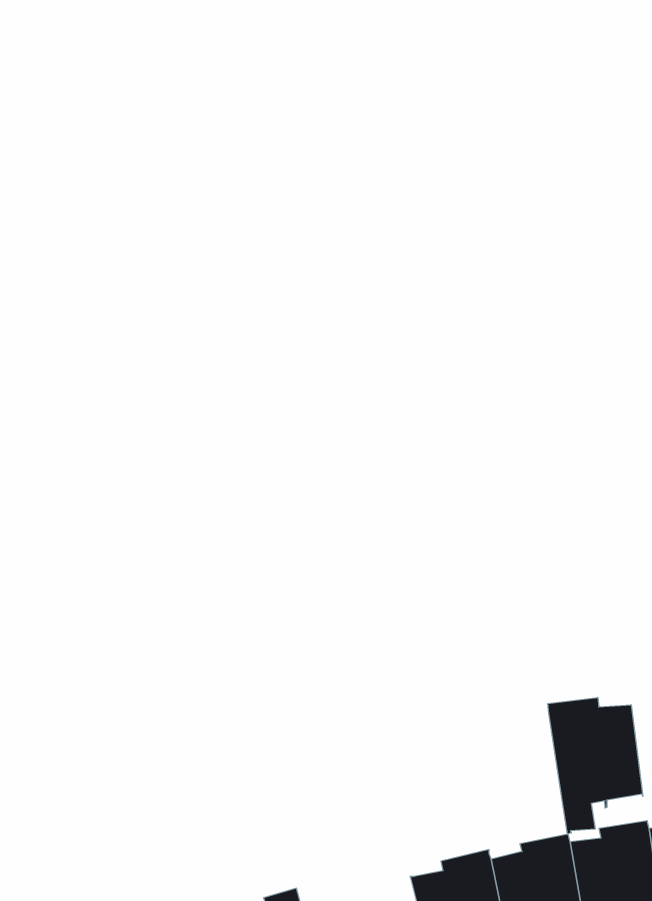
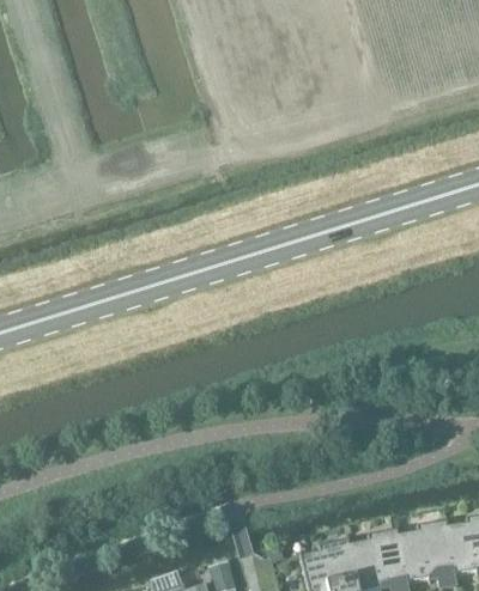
building: [548,697,643,834] -> none

